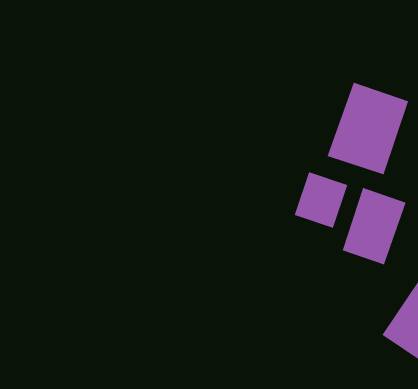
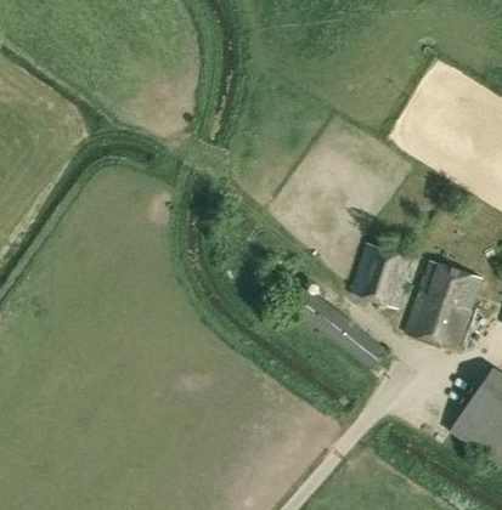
building: [327,82,409,175] -> none
building: none -> [287,289,384,368]

